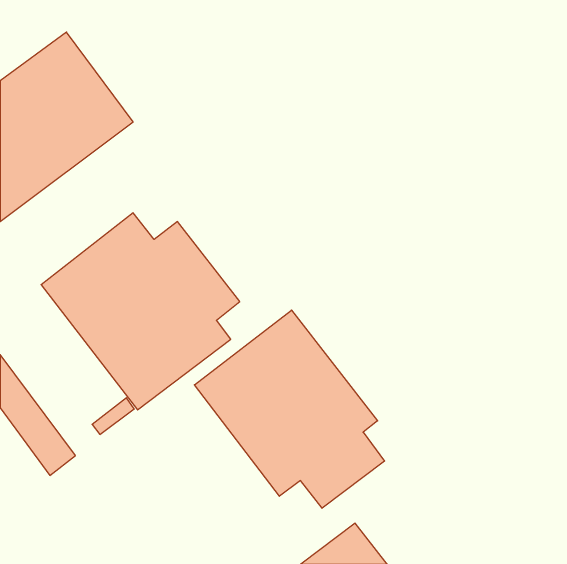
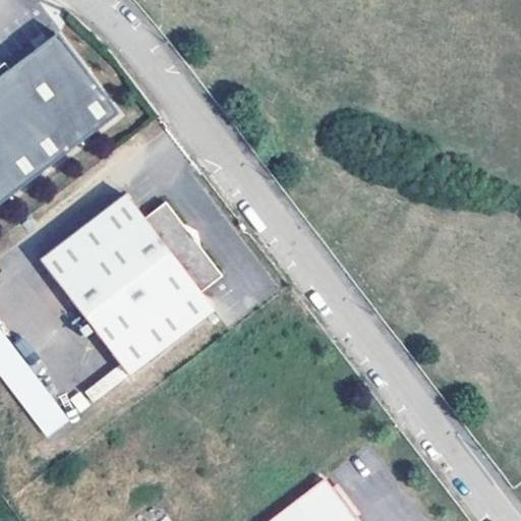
building: [194,310,385,508] -> none

